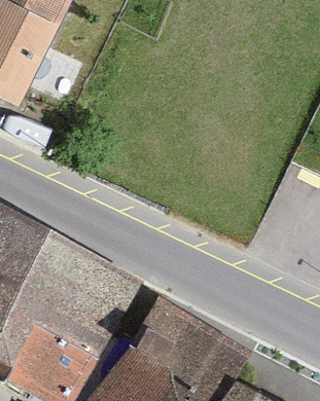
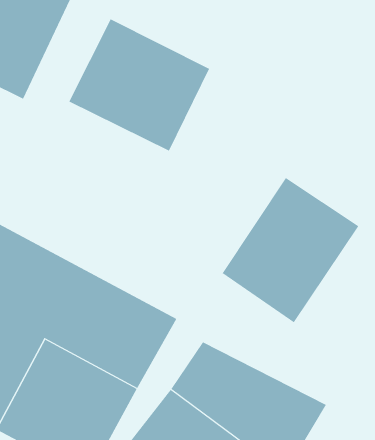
building: none -> [69,18,210,151]
building: none -> [222,177,359,323]

